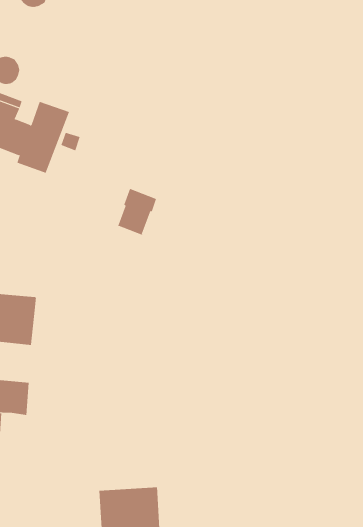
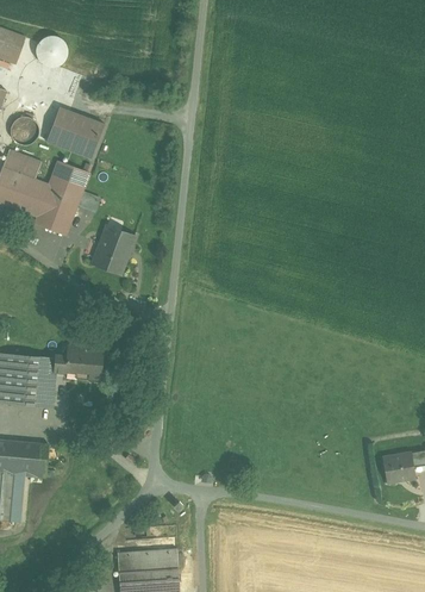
building: none -> [45,107,104,158]
building: [115,188,157,236] -> [92,226,133,274]
building: none -> [54,329,104,379]

